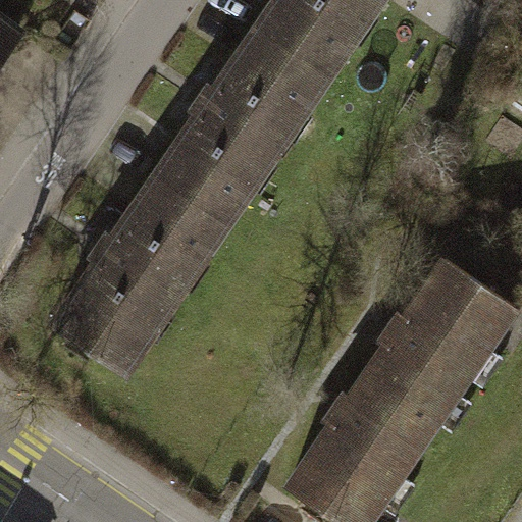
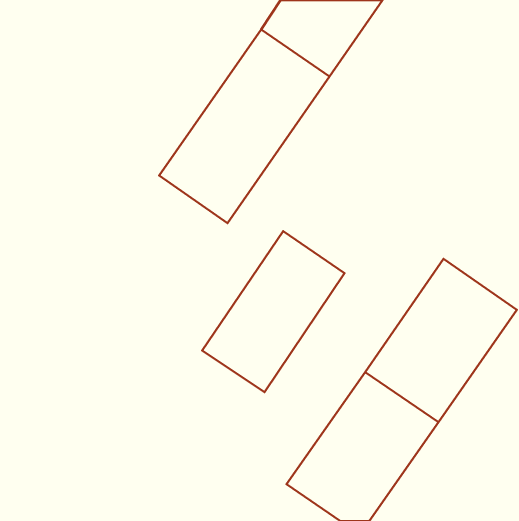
building: [58,175,227,370] -> none
building: none -> [202,231,345,392]

